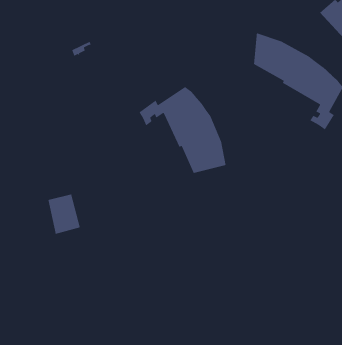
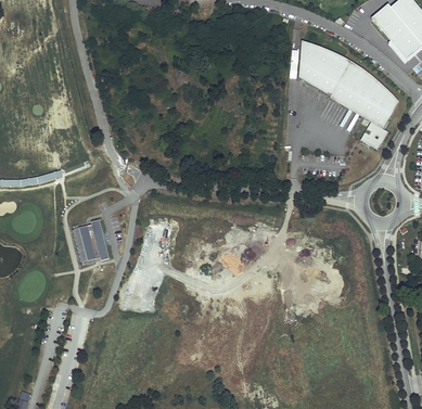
building: [138,86,226,174] -> none

